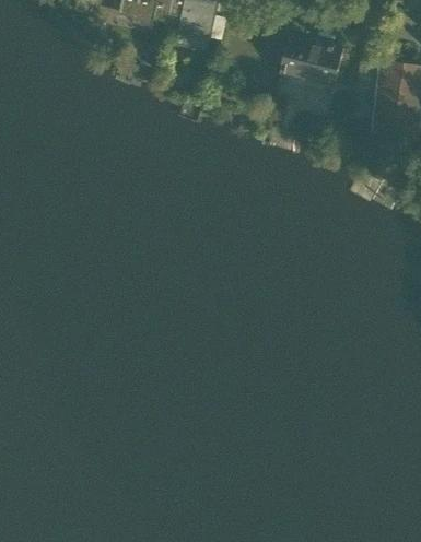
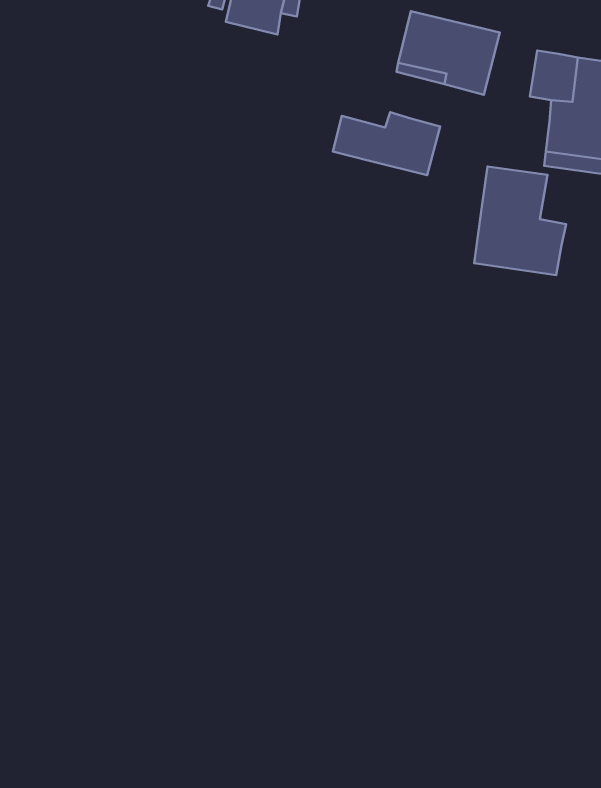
building: none -> [333,112,440,175]
building: none -> [474,167,566,275]

